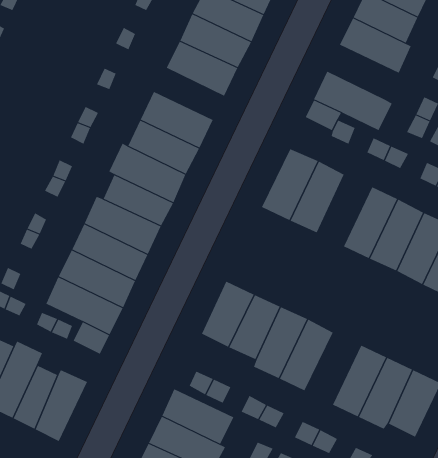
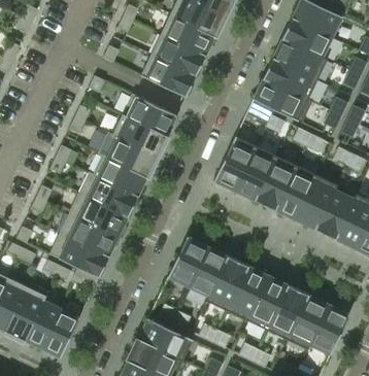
building: none -> [263,59,317,100]
building: none -> [256,157,297,211]
building: none -> [246,276,289,331]

